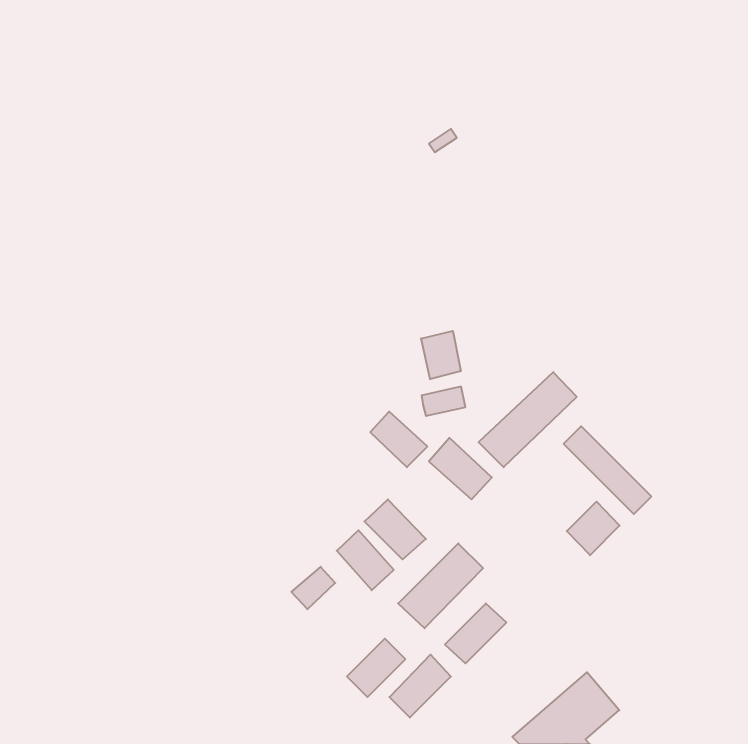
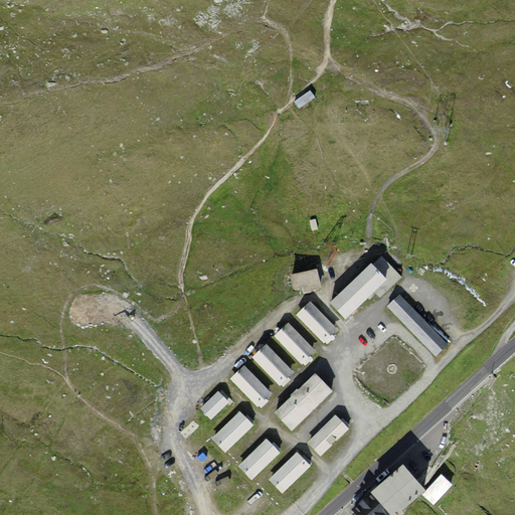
building: [421,331,461,379] -> none
building: [370,412,427,467] -> [275,323,314,361]
building: [567,502,620,555] -> none
building: none -> [211,410,253,452]

